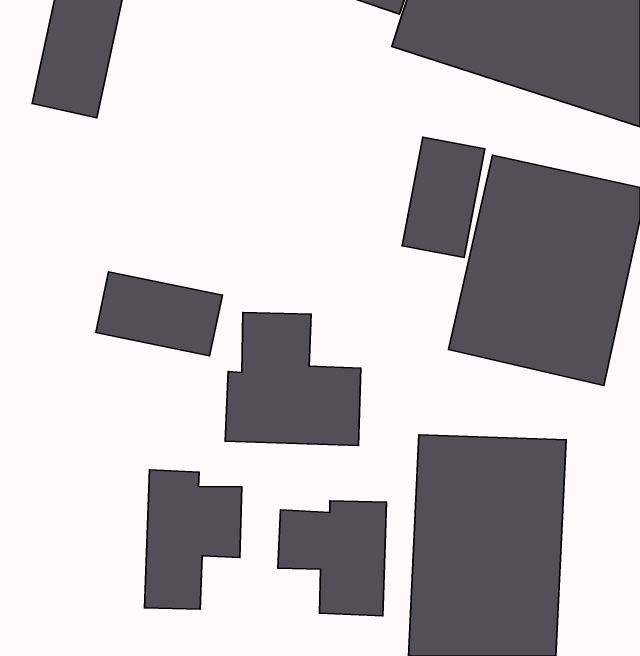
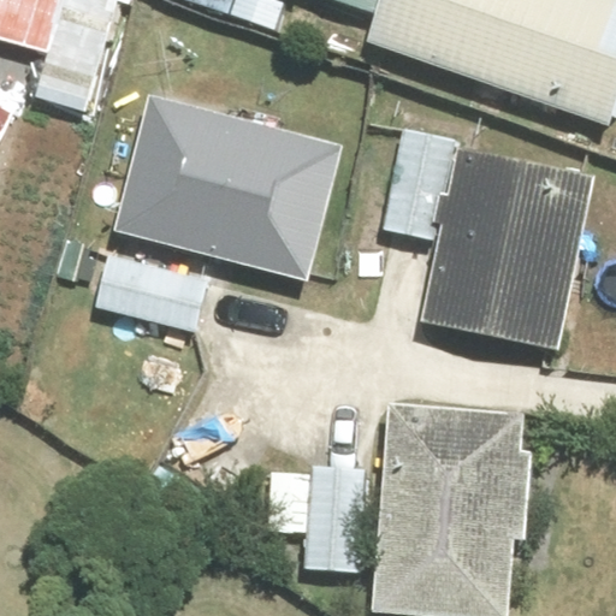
building: none -> [112,94,349,283]
building: [225,313,361,446] -> none
building: [145,470,242,609] -> none

